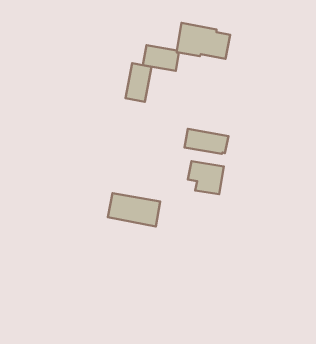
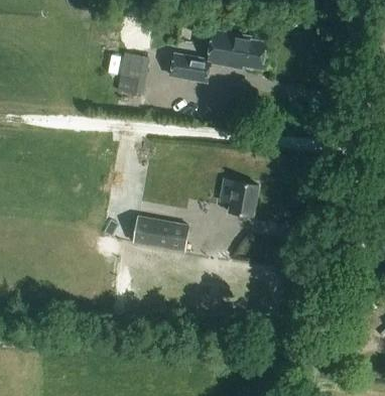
building: [126,63,151,102] -> [118,53,146,96]
building: [185,129,228,154] -> none

